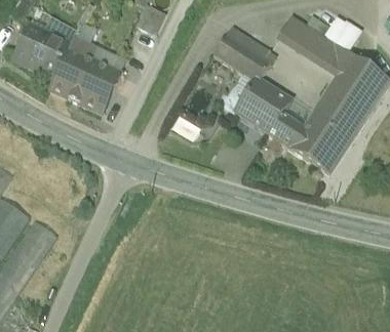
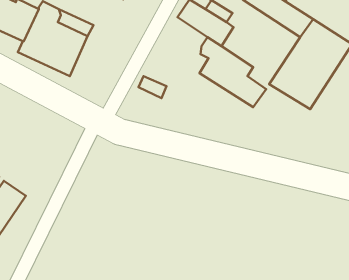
building: [290,120,349,170] -> none

